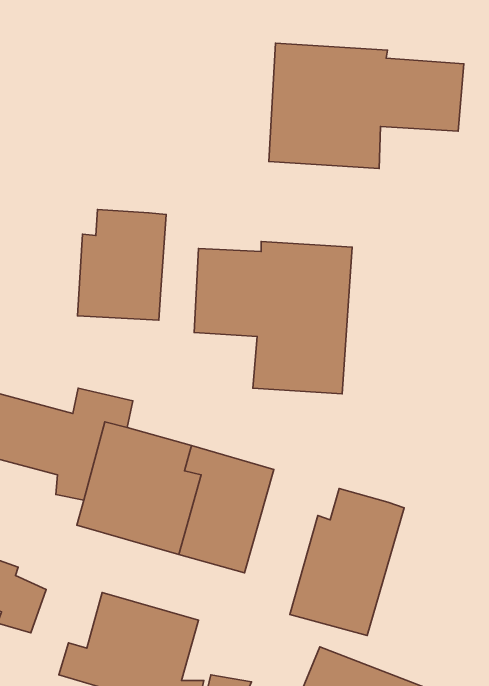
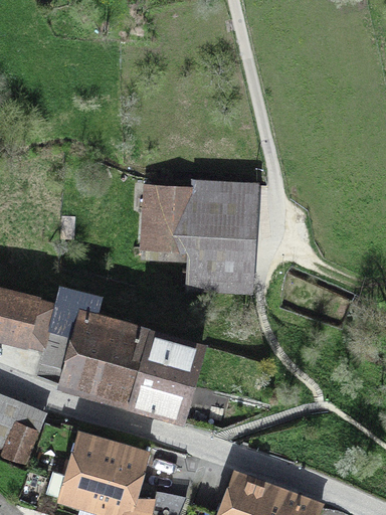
building: [269,43,464,168] -> none
building: [78,210,166,320] -> none
building: [290,489,404,636] -> none

